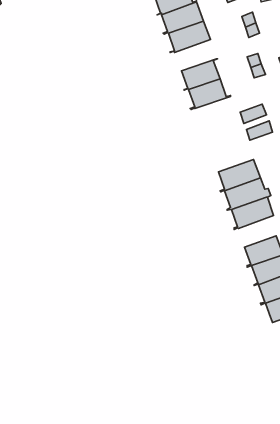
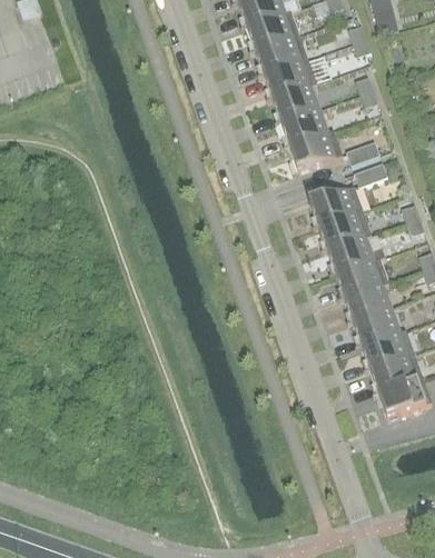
building: none -> [263,58,316,99]
building: none -> [288,130,343,170]
building: none -> [309,185,363,227]
building: none -> [344,281,392,322]

